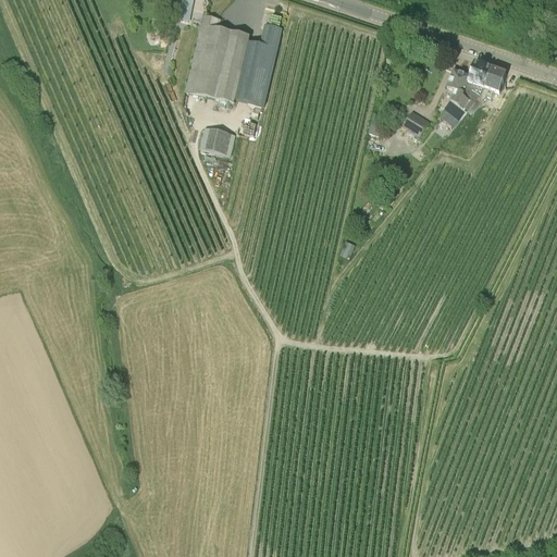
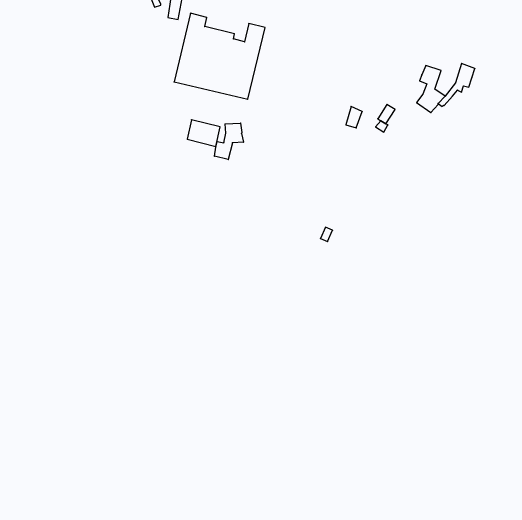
building: [462,62,491,102] -> none
building: none -> [214,123,243,160]

